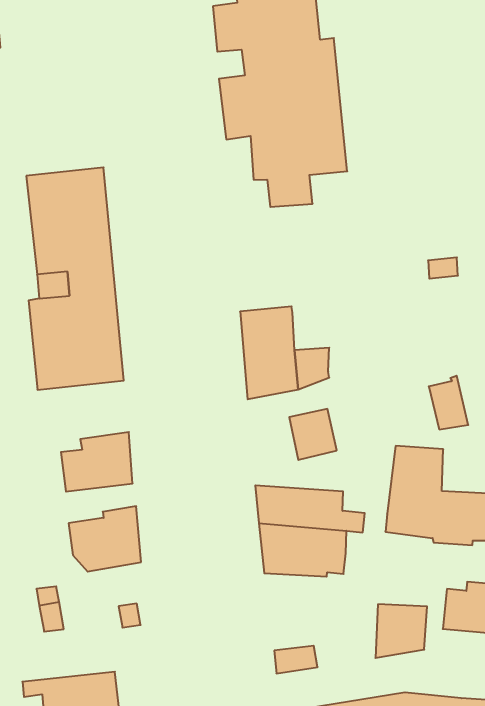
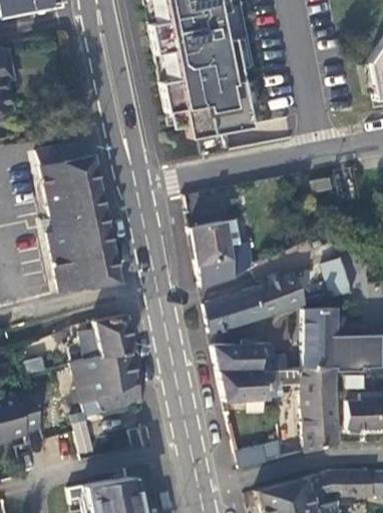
building: none -> [257,273,306,314]
building: none -> [207,295,241,331]
building: none -> [72,350,135,406]
building: none -> [278,365,337,414]

